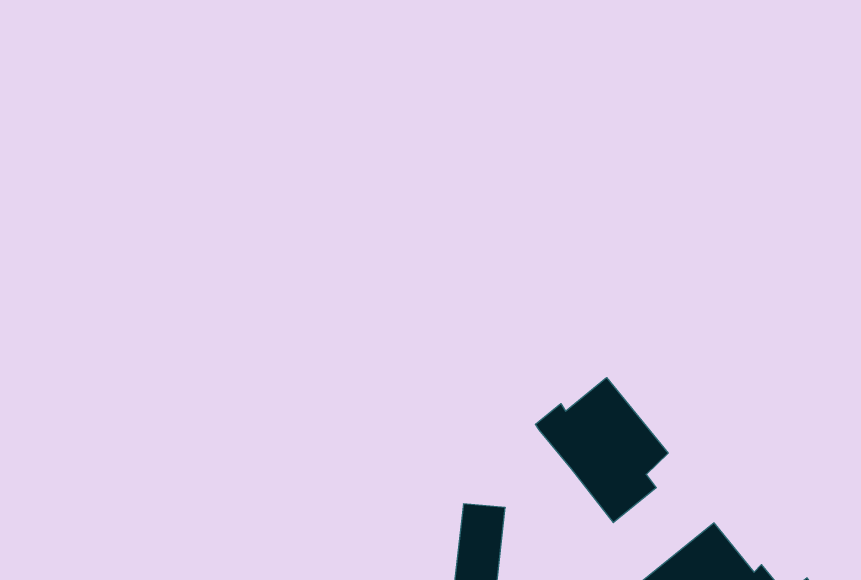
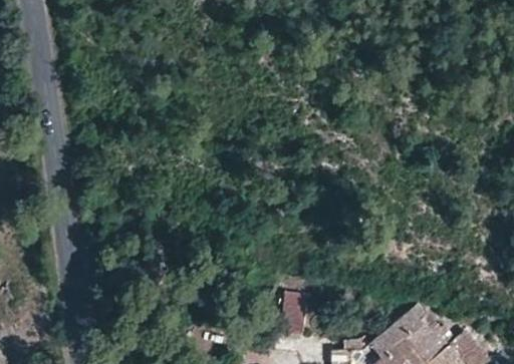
building: [535,378,668,523] -> none

